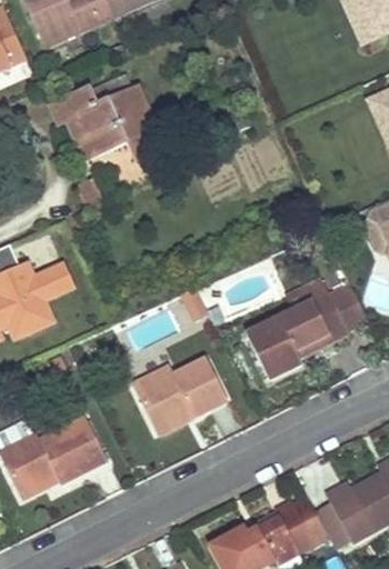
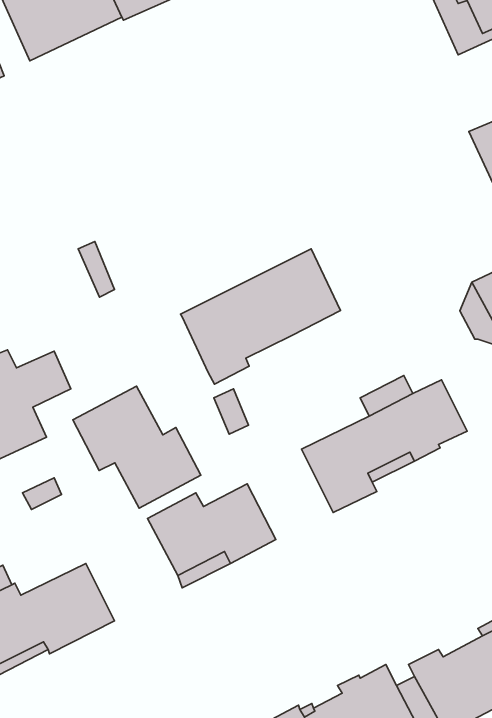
building: [53,76,167,161] -> none
building: none -> [181,249,340,384]
building: none -> [73,386,201,508]

